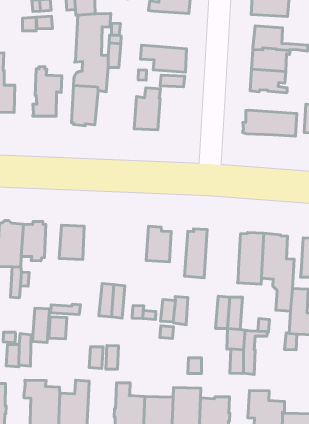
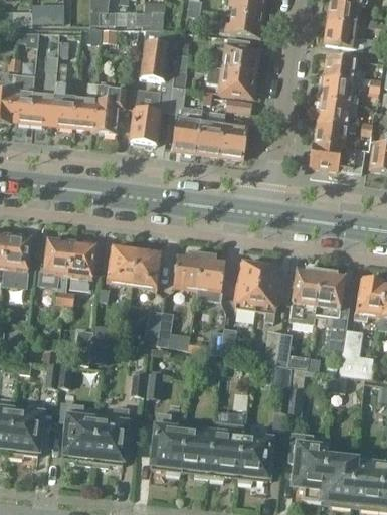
building: none -> [223,37,259,73]
building: none -> [72,81,99,128]
building: none -> [315,122,355,146]
building: none -> [172,116,200,152]
building: none -> [219,123,248,158]
building: none -> [173,252,202,289]
building: none -> [132,248,163,286]
building: none -> [255,262,281,324]

